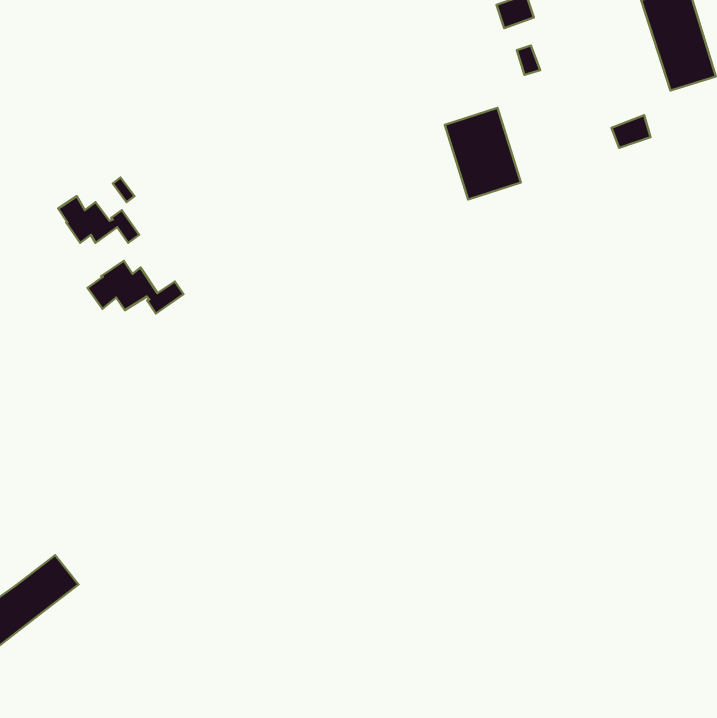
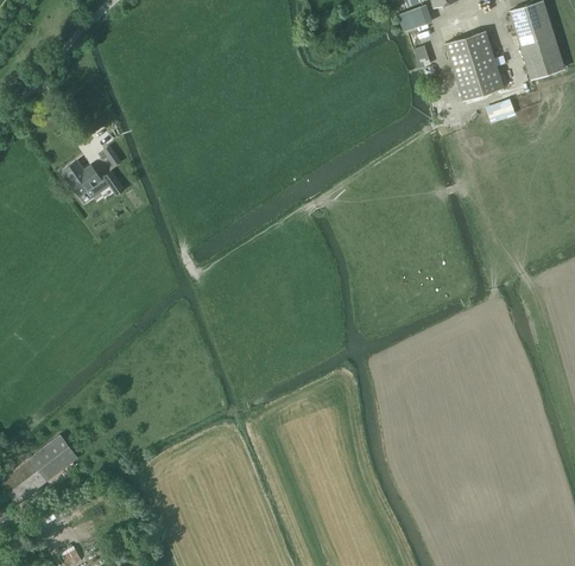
building: [445,108,521,199] -> [446,30,504,100]
building: [88,261,183,313] -> none

